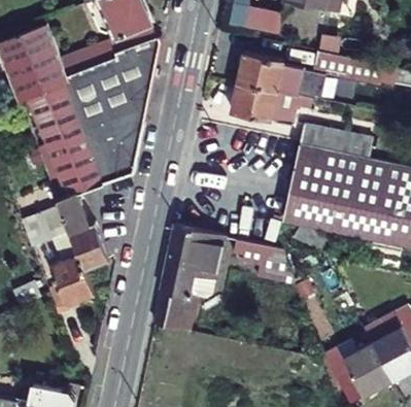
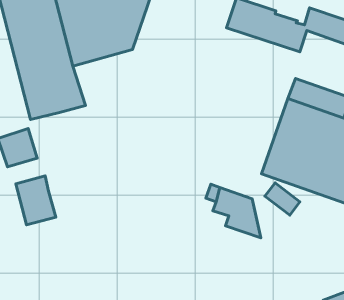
building: [229,81,309,122] -> none
building: [88,114,144,175] -> none
building: [53,185,107,264] -> none
building: [156,225,227,341] -> none

